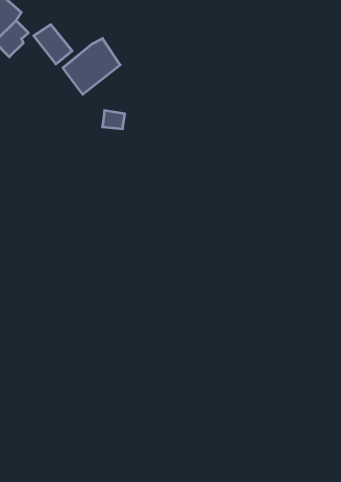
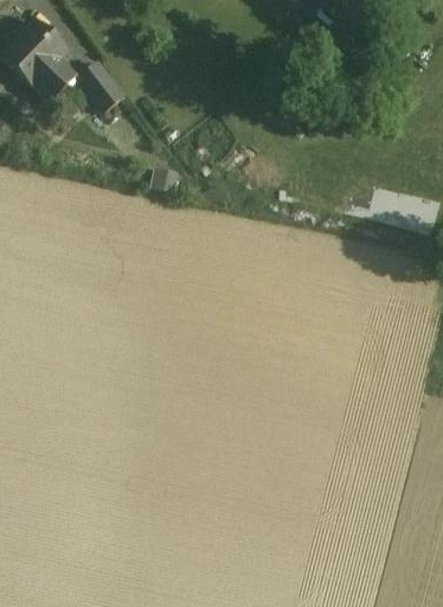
building: [63,38,120,94] -> none

